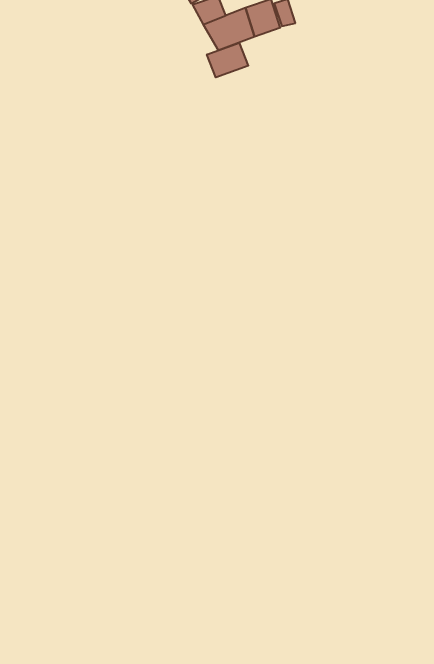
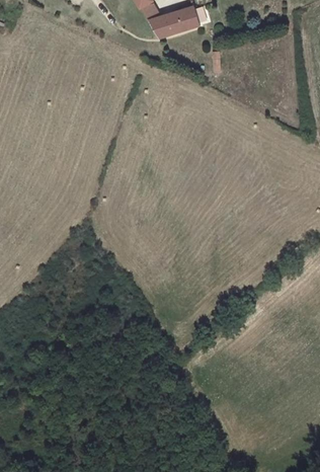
building: [207,43,248,77] -> none

